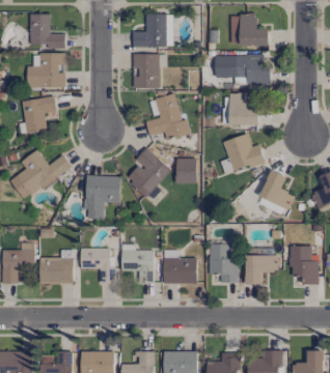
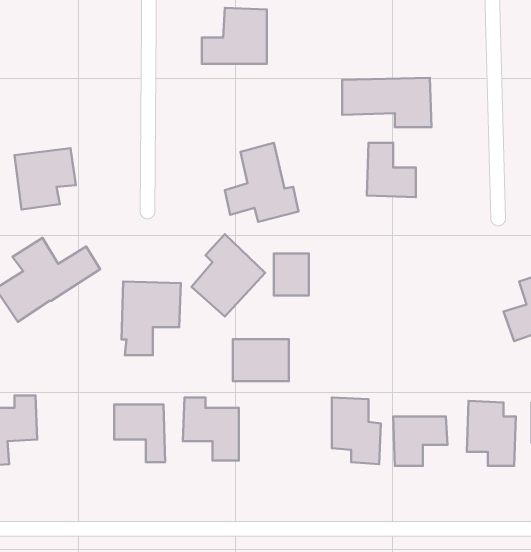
building: [30,13,65,48] -> none
building: [241,13,270,46] -> none
building: [27,53,66,87] -> none
building: [133,54,160,89] -> none
building: [225,135,265,171] -> none
building: [260,170,295,209] -> none
building: [40,257,74,283] -> none
building: [164,258,197,283] -> [233,339,289,381]

